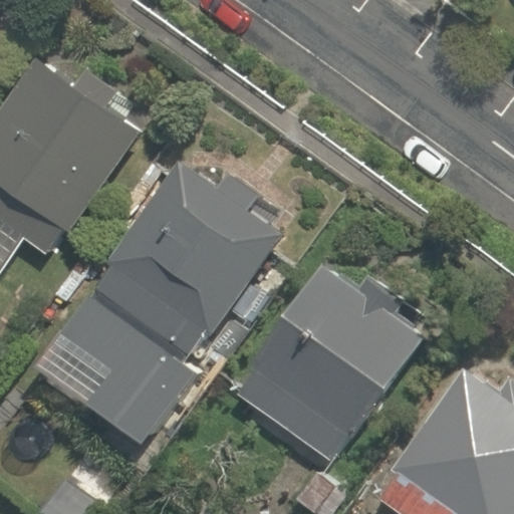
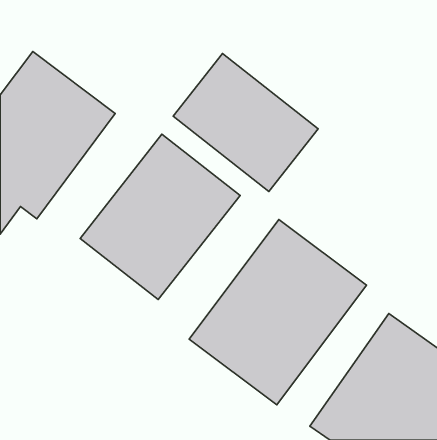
building: none -> [173,54,318,191]
building: [28,290,199,450] -> none

